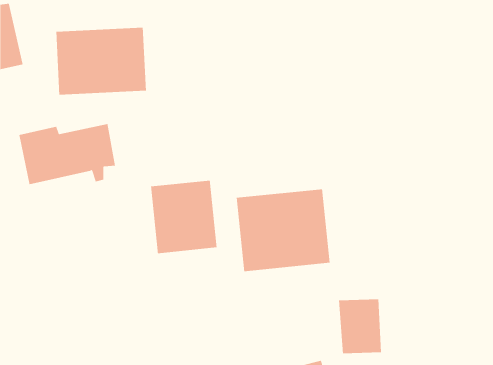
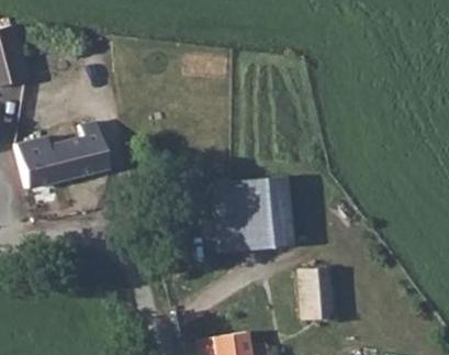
building: [56,27,147,96] -> none
building: [151,180,217,254] -> none

